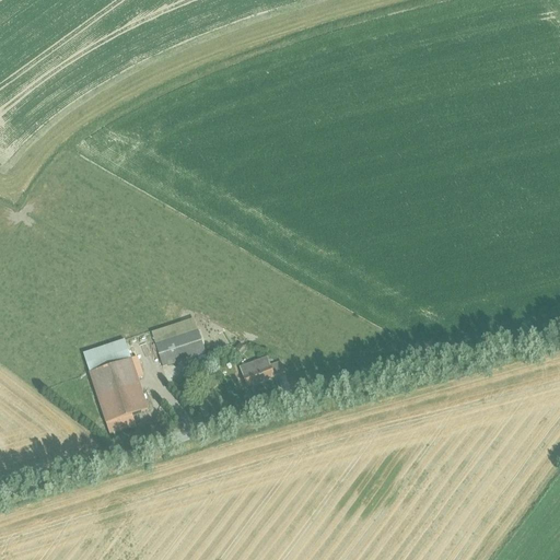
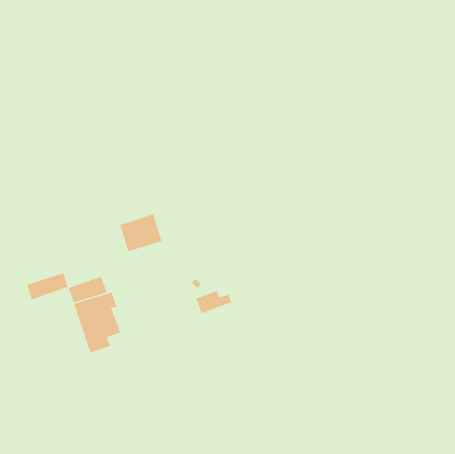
building: [152,318,206,366] -> [119,213,163,252]
building: none -> [26,272,69,301]

